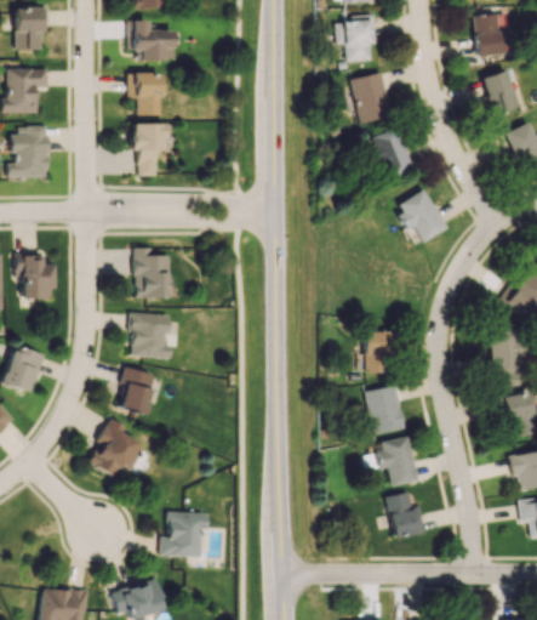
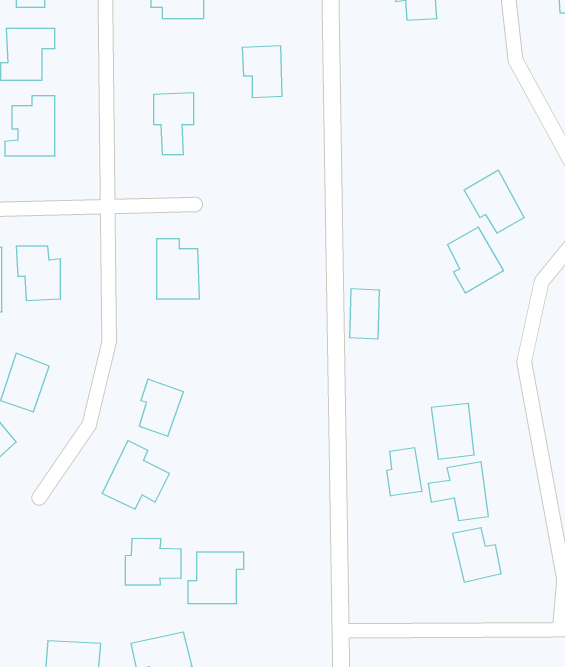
building: [128,72,162,115] -> [242,46,282,97]
building: [352,72,393,123] -> none
building: [367,127,412,178] -> none
building: none -> [448,227,503,293]
building: [131,312,173,357] -> none
building: [365,330,390,372] -> [349,289,380,339]
building: none -> [387,448,422,496]
building: none -> [125,538,181,585]

